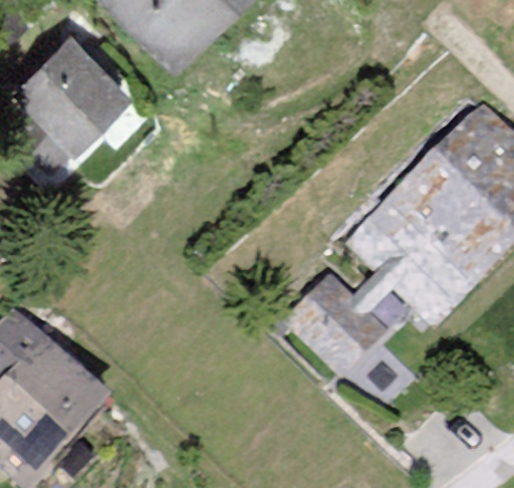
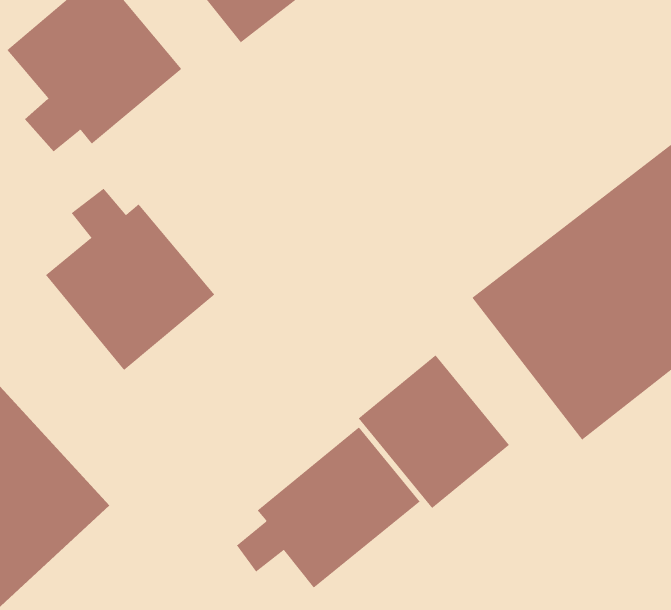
building: none -> [45,188,215,371]
building: none -> [236,427,421,589]

